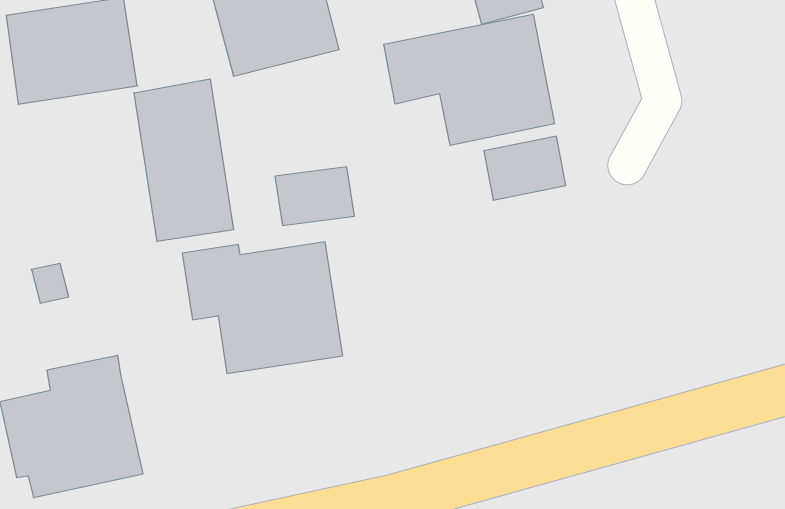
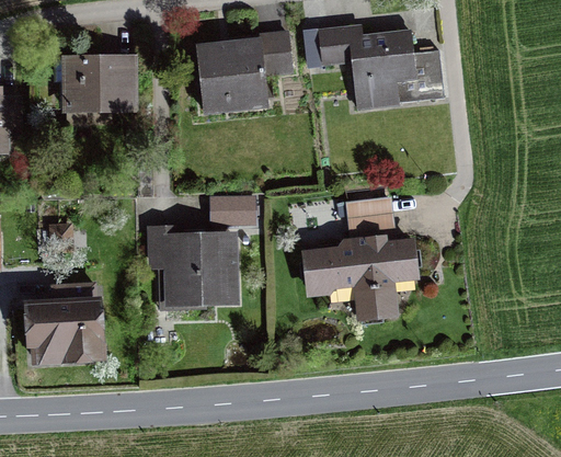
building: [384,14,555,145] -> none
building: [134,79,234,242] -> none
building: none -> [300,236,420,322]

